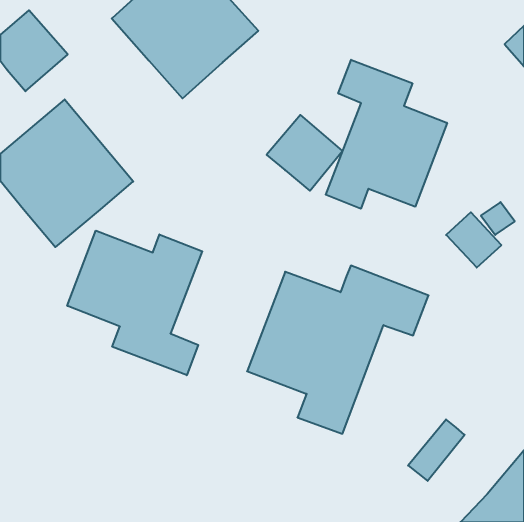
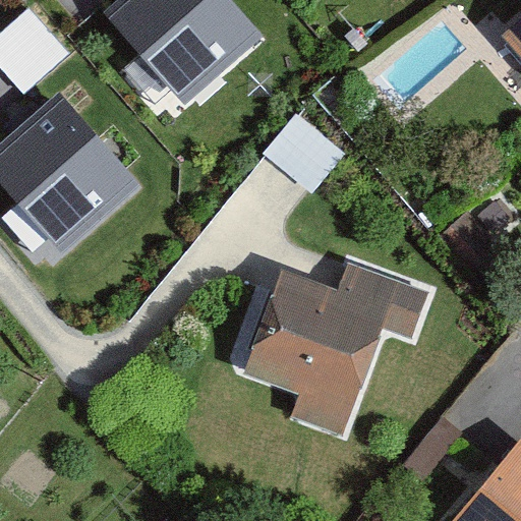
building: [326,60,447,209] -> none
building: [67,231,202,375] -> none

